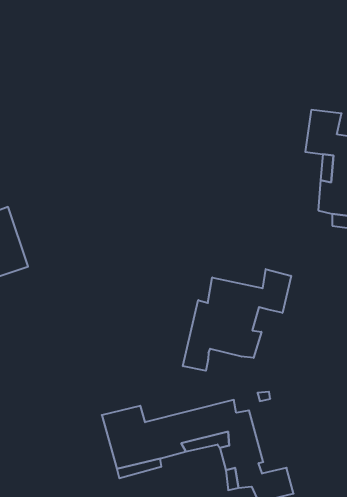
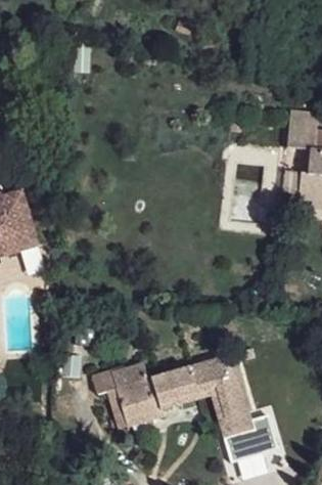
building: [183,269,291,371] -> none

